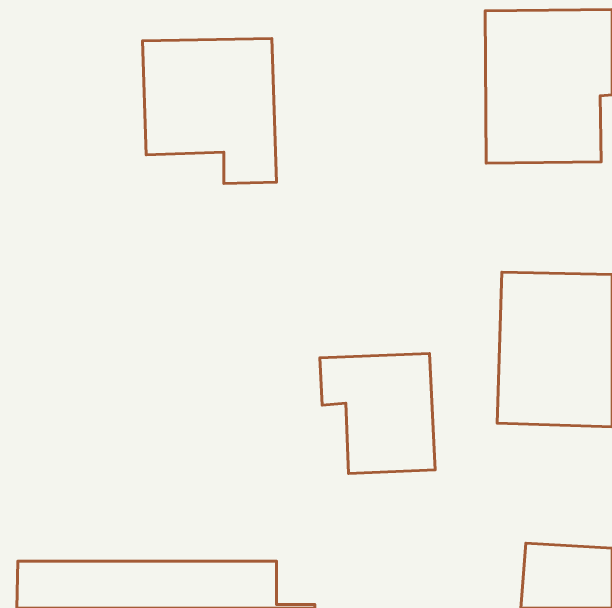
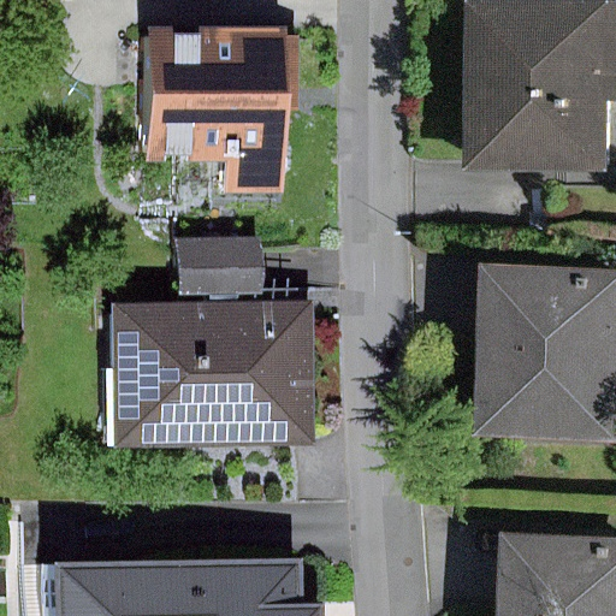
building: none -> [113,250,301,444]
building: [320,354,435,473] -> none

